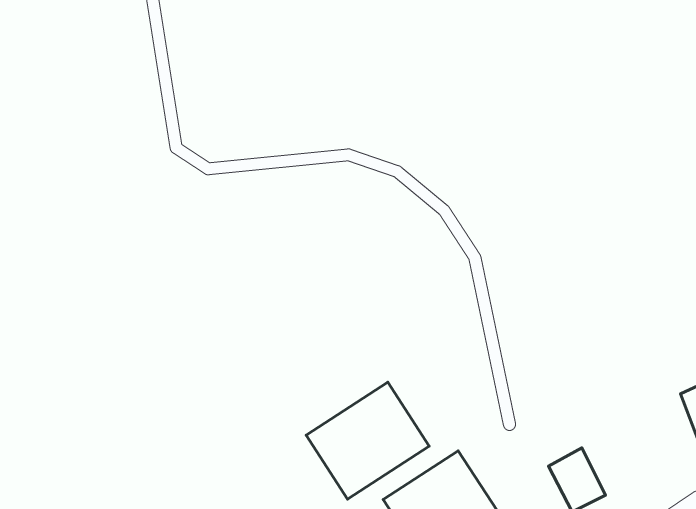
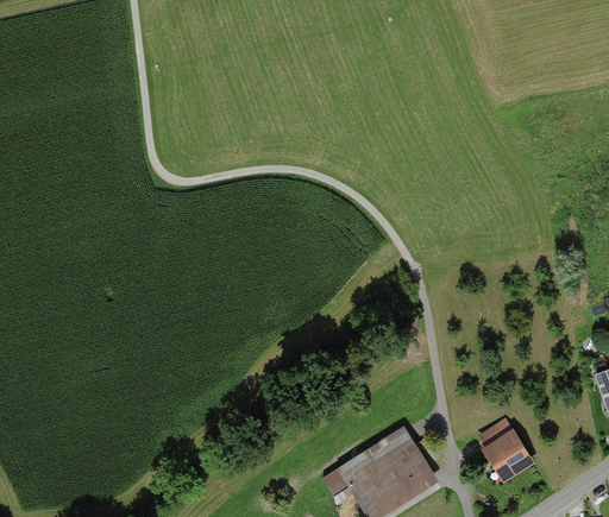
building: [306,382,429,499] -> none

